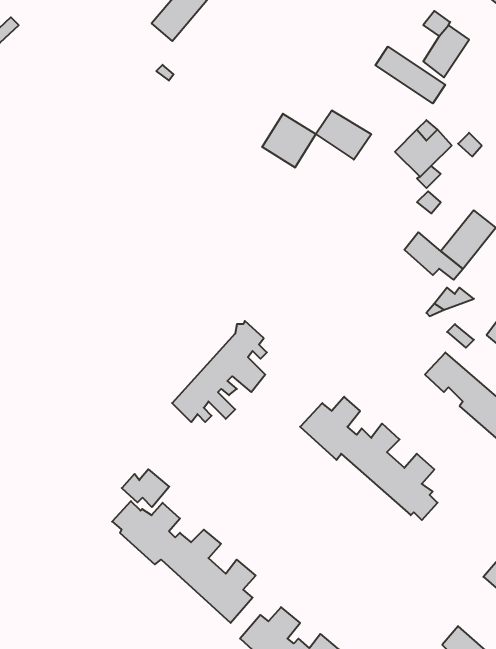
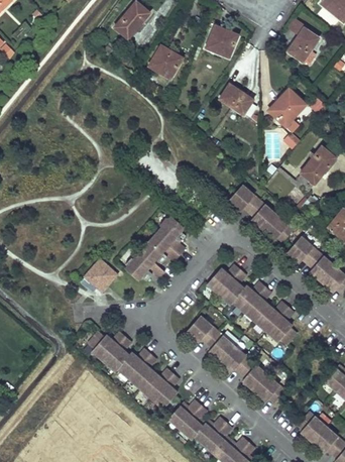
building: none -> [204,24,237,57]
building: [375,47,445,103] -> none
building: [262,114,316,167] -> [147,44,182,79]
building: none -> [229,185,294,242]
building: [122,469,169,507] -> [87,264,117,288]
building: none -> [188,317,284,402]

